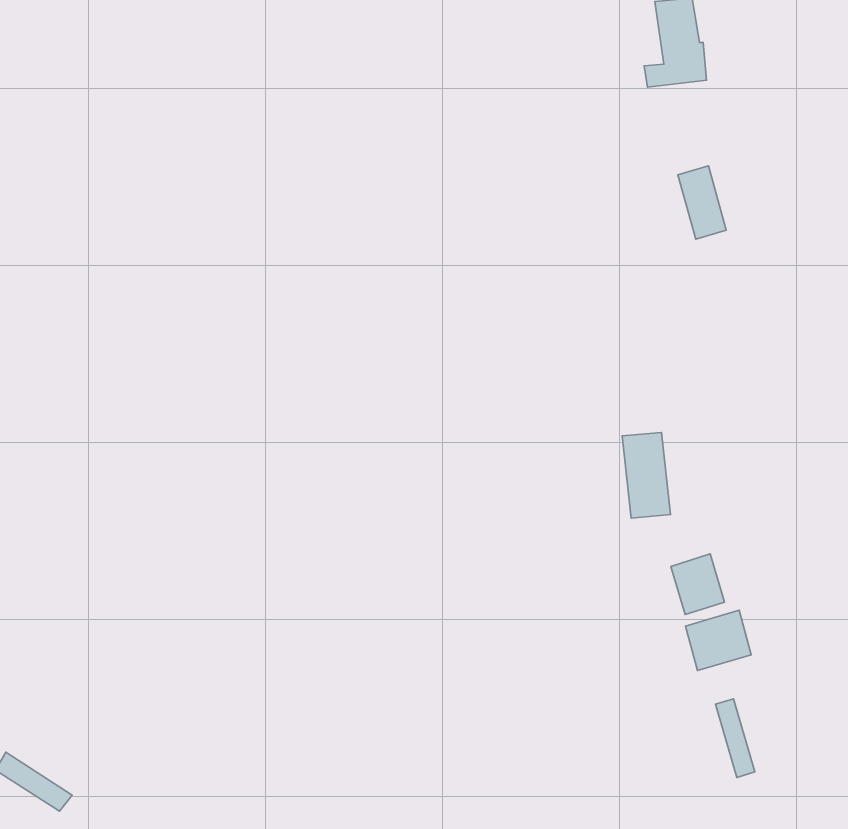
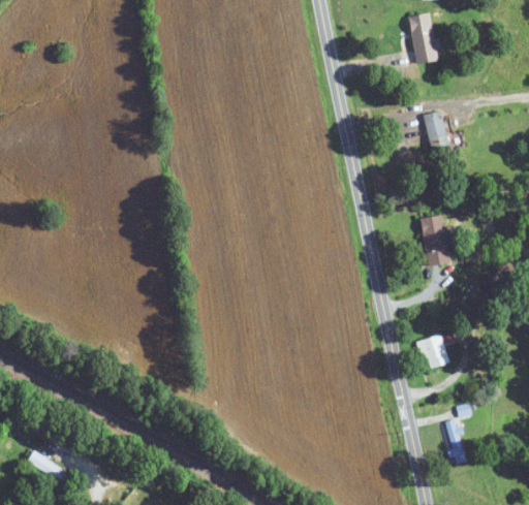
building: [622,432,670,518] -> [422,215,449,264]
building: [685,610,751,671] -> none

